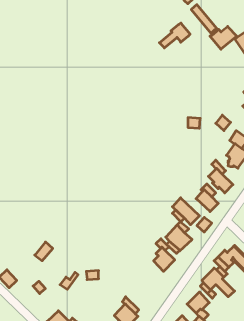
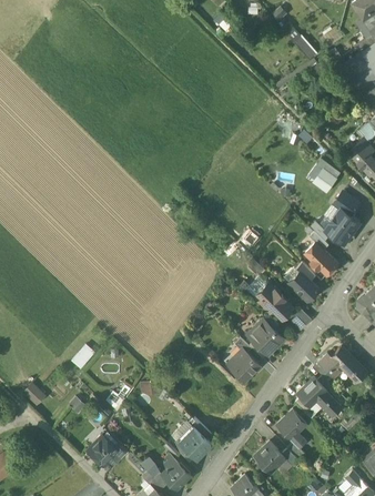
building: [159,23,190,48] -> none
building: [210,26,237,49] -> none

